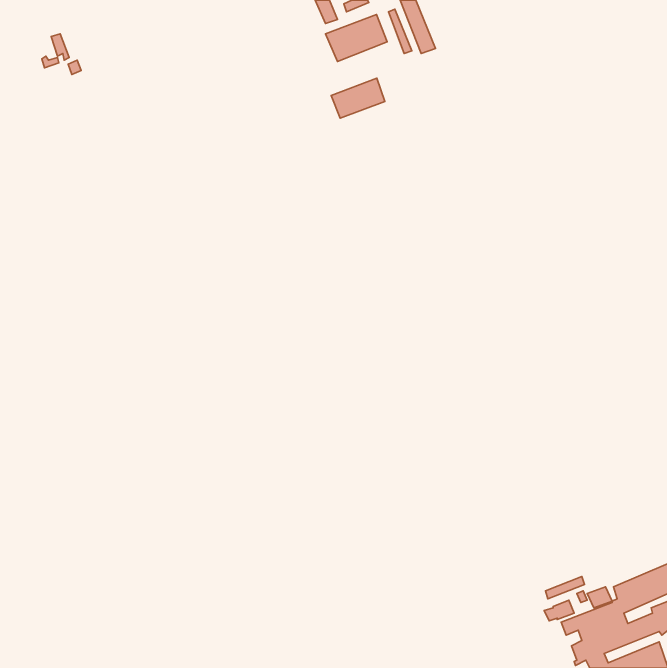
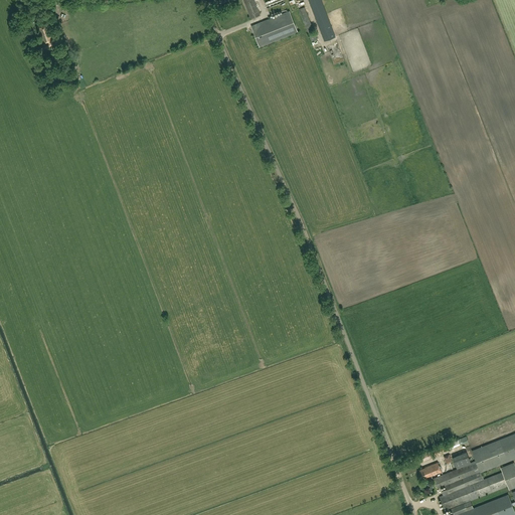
building: [331,78,385,118] -> none

